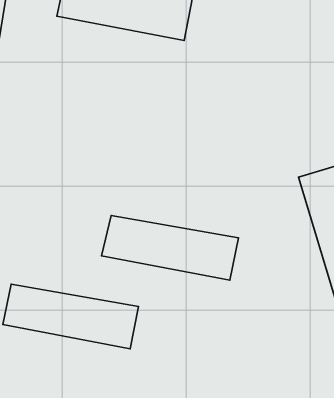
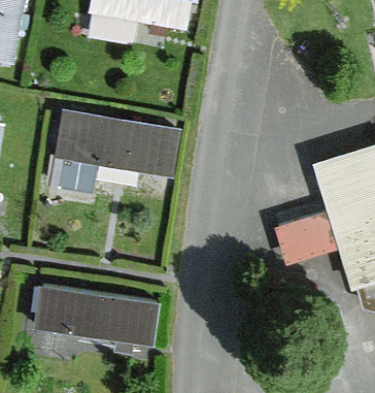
building: [102,216,238,280] -> [46,118,179,181]

